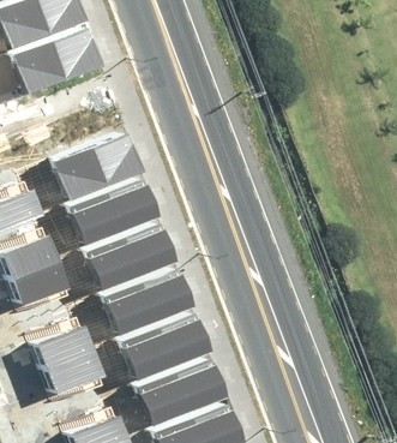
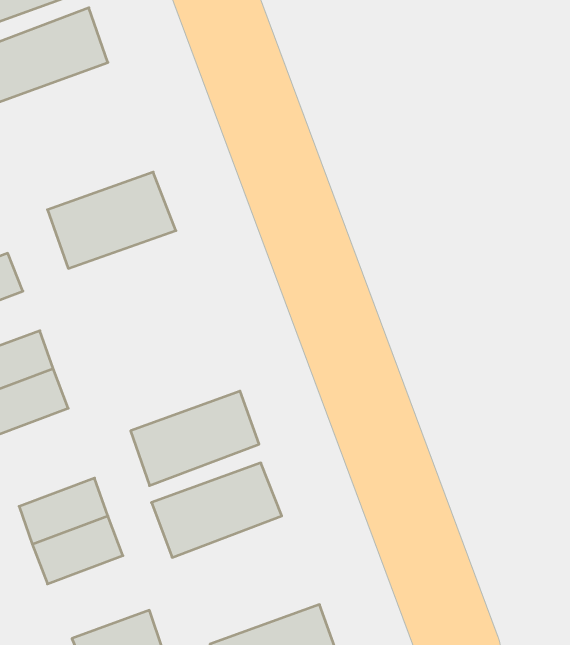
building: [76,182,157,243] -> none
building: [92,229,175,289] -> none
building: [143,366,225,426] -> none

